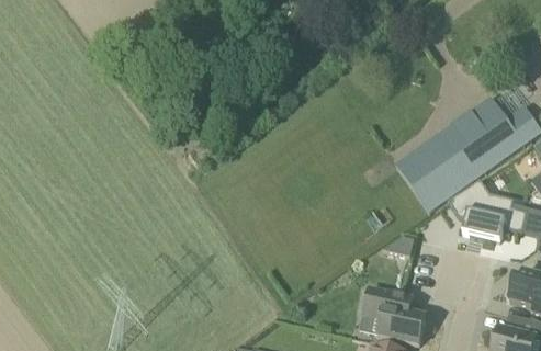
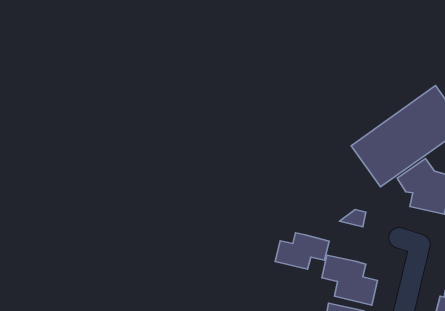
building: none -> [275,233,329,269]

